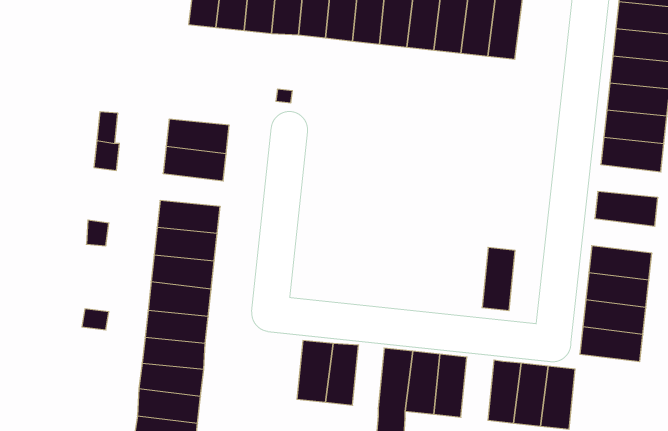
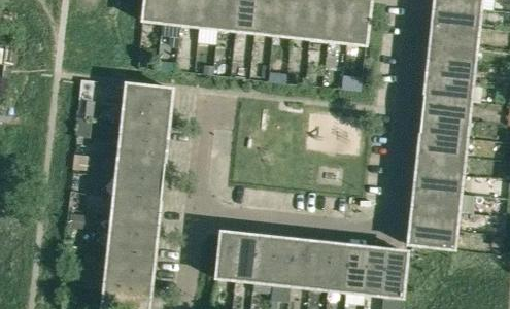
building: none -> [421,113,465,136]
building: none -> [122,119,165,142]
building: none -> [417,150,461,174]
building: [482,247,515,311] -> [328,245,350,288]
building: none -> [253,237,275,280]

